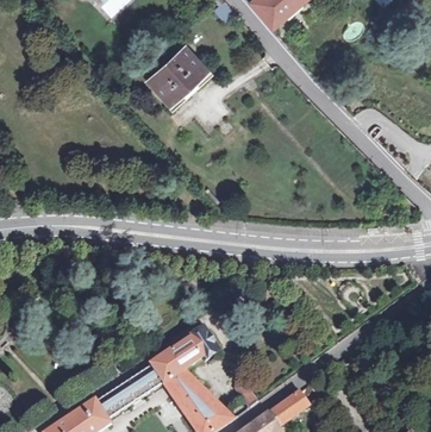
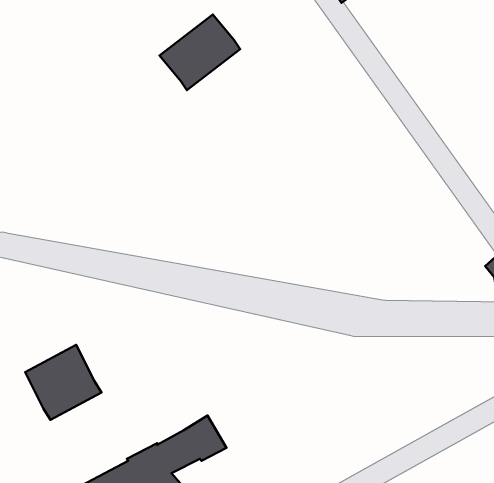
building: none -> [25,345,101,420]

